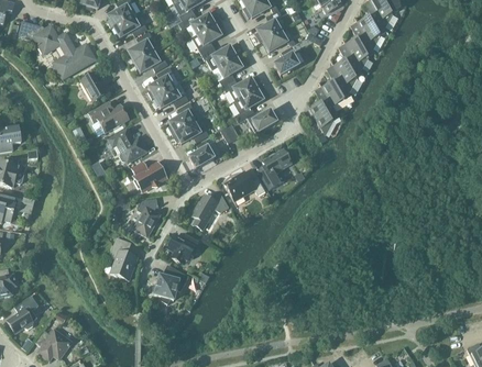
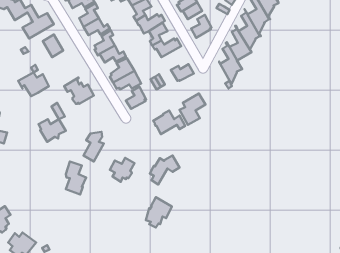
building: [232,87,265,121] -> none
building: [88,101,128,132] -> [18,72,49,96]
building: [131,162,166,191] -> [39,119,66,142]
building: [190,191,229,229] -> [150,156,179,184]
building: [154,264,188,303] -> [146,197,172,228]

